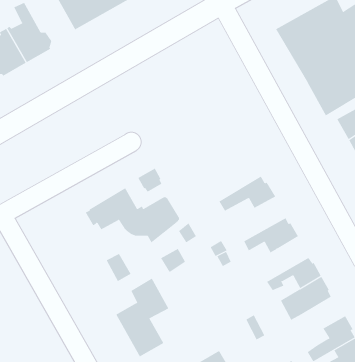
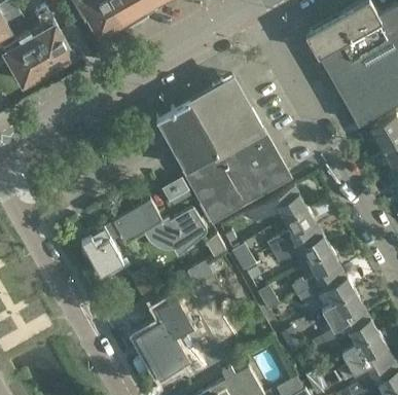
building: none -> [155,77,290,224]
building: none -> [266,209,317,255]
building: none -> [80,225,122,275]
building: none -> [291,250,340,297]
building: none -> [312,313,378,354]

